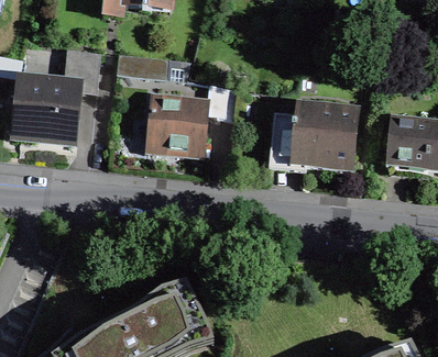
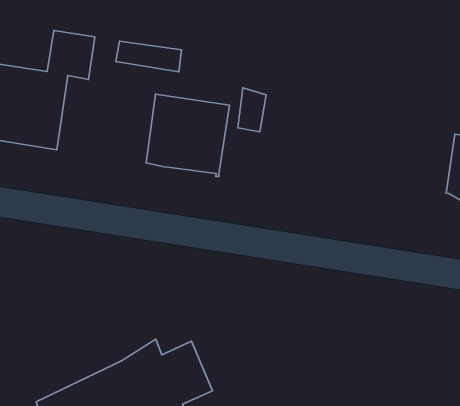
building: [269,105,358,172] -> none

